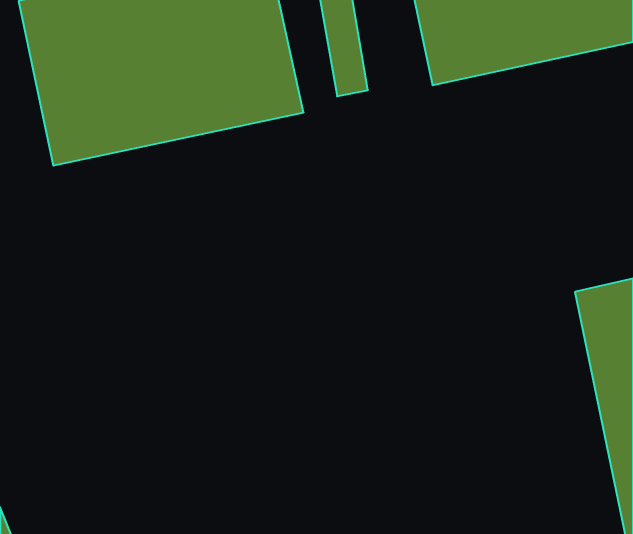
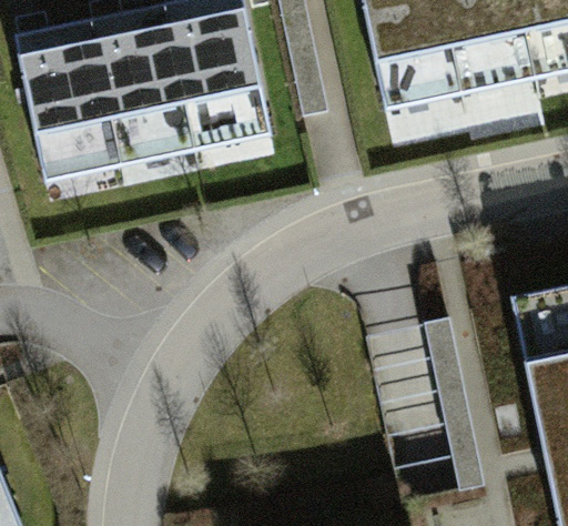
building: none -> [399,334,474,495]

